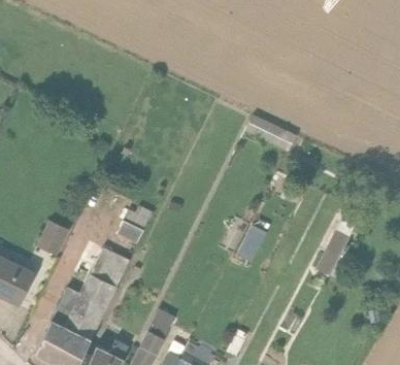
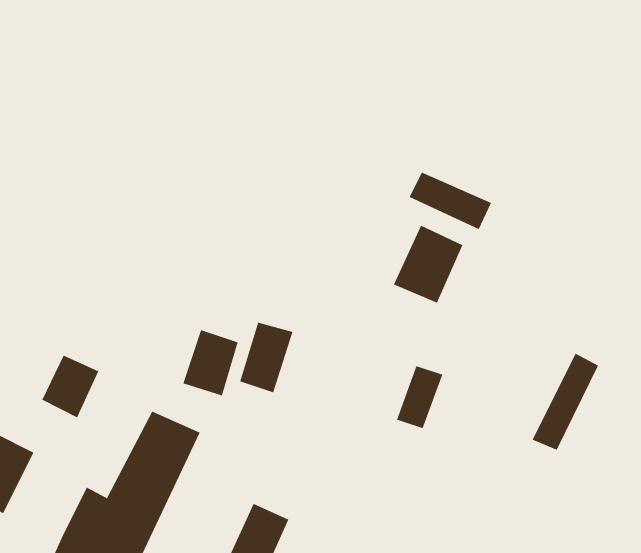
building: none -> [393,225,463,303]
building: none -> [239,322,293,393]

